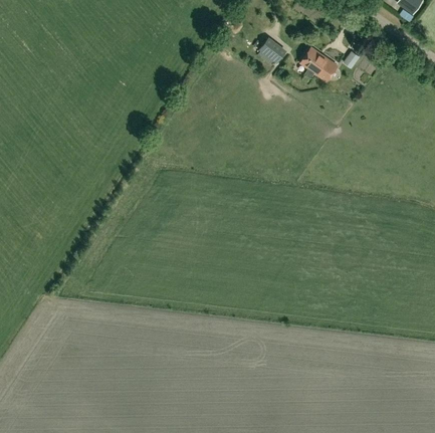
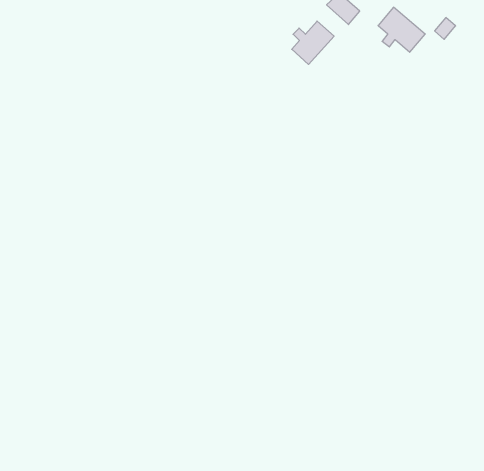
building: none -> [292,21,334,64]

